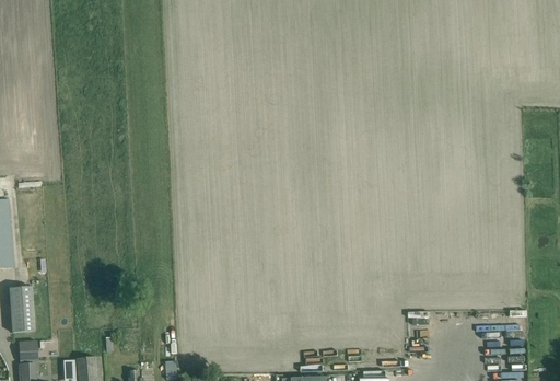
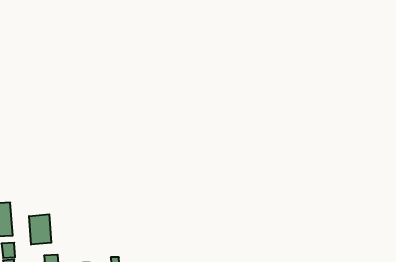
building: none -> [29,214,51,245]

